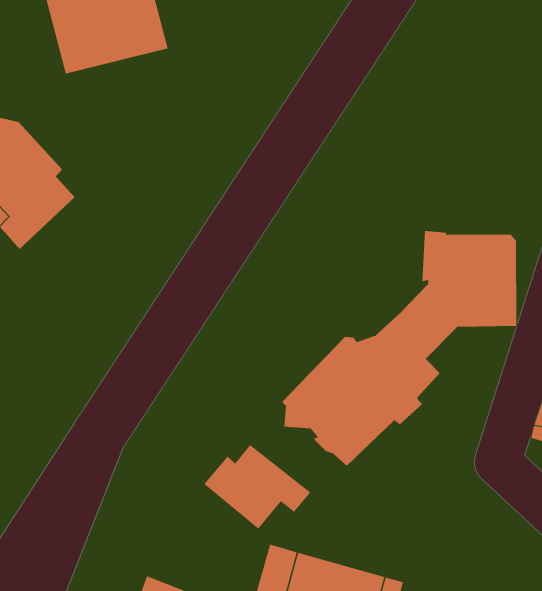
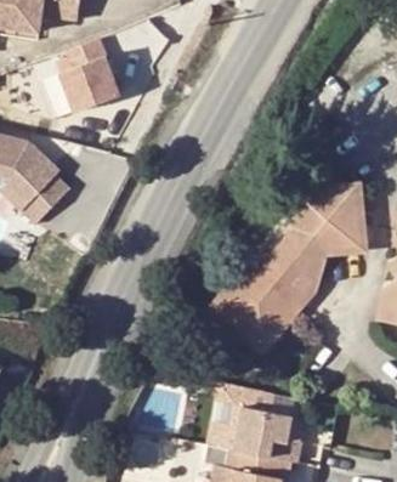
building: [203,444,311,530] -> none

